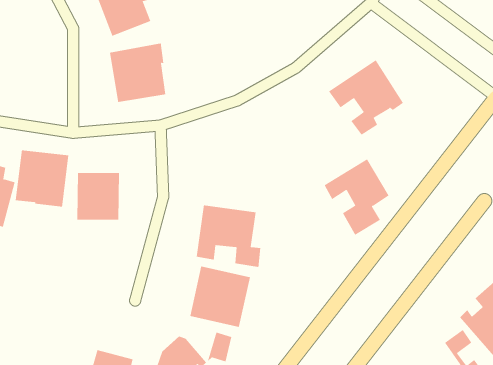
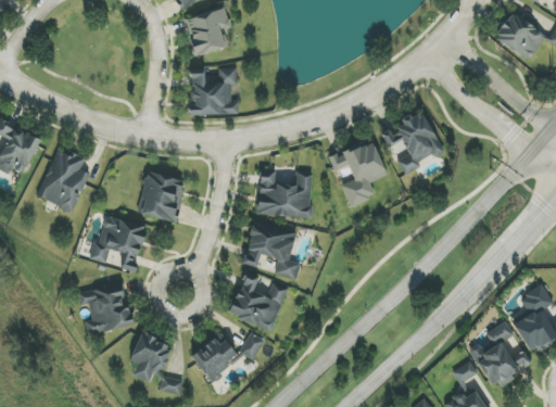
building: none -> [257,167,313,217]
building: [15,150,69,207] -> [92,215,147,271]
building: [324,159,389,236] -> [329,139,387,206]
building: none -> [78,284,130,333]

